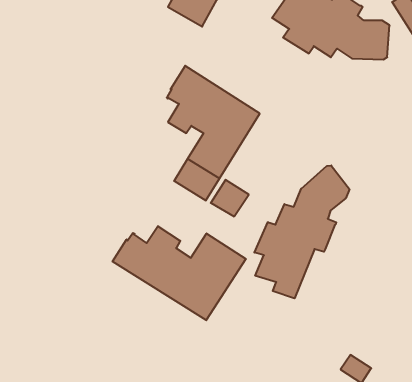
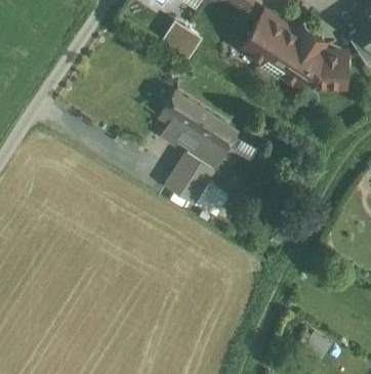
building: [254,165,349,298] -> none
building: [113,226,246,320] -> none

